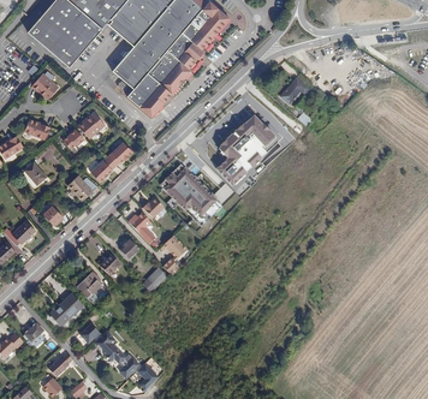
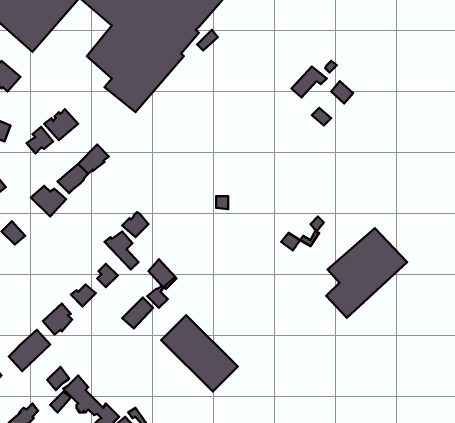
building: [216,112,283,185] -> [326,228,407,318]
building: [159,163,221,226] -> [161,315,238,392]

